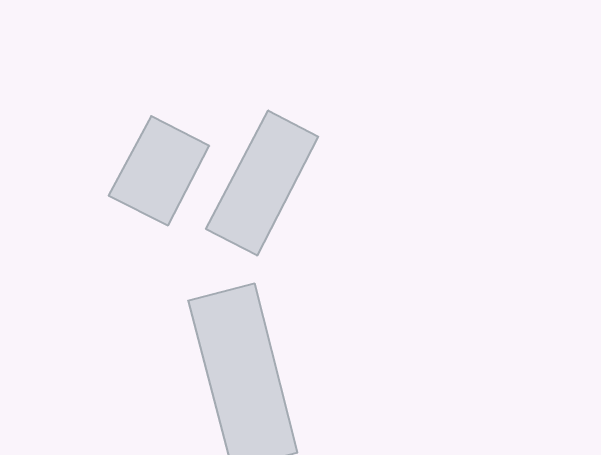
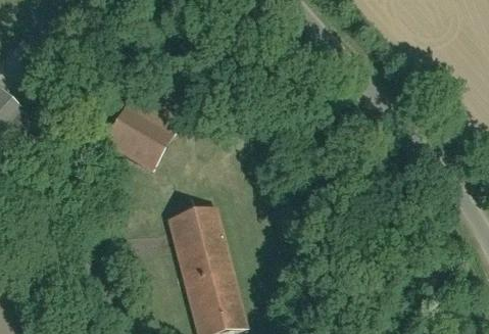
building: [206,110,318,256] -> none

